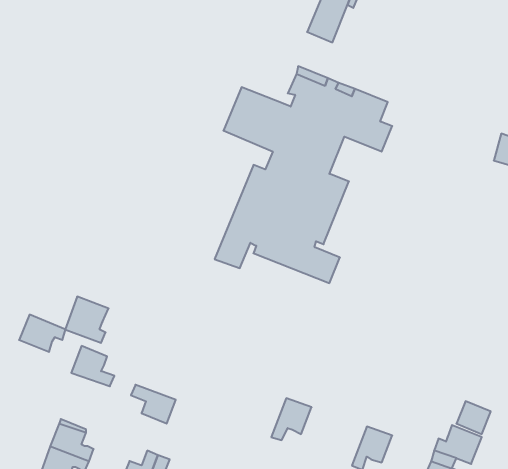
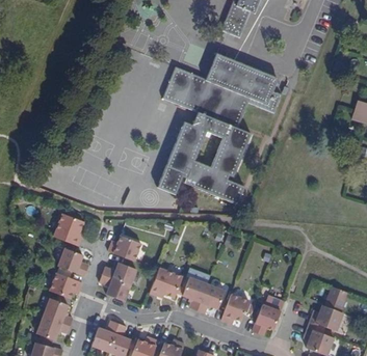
building: [19,315,65,352] -> [49,272,81,298]
building: none -> [107,235,140,261]
building: none -> [102,262,136,284]
building: none -> [150,267,182,298]
building: none -> [182,276,207,310]
building: none -> [220,294,248,322]

